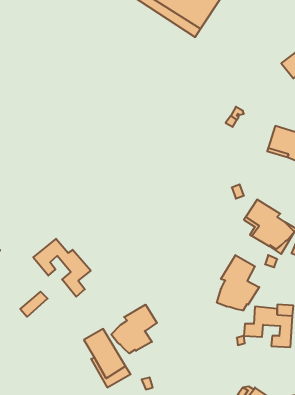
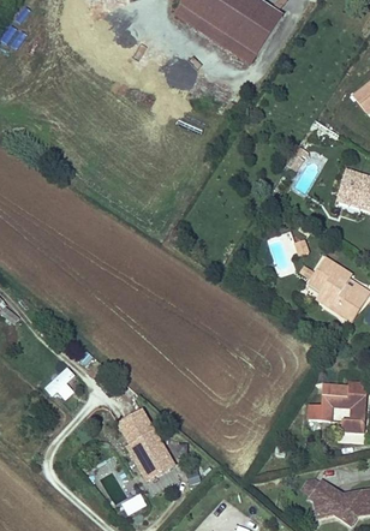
building: [33,239,91,297] -> none
building: [217,255,259,311] -> none
building: [111,305,157,353] -> none

